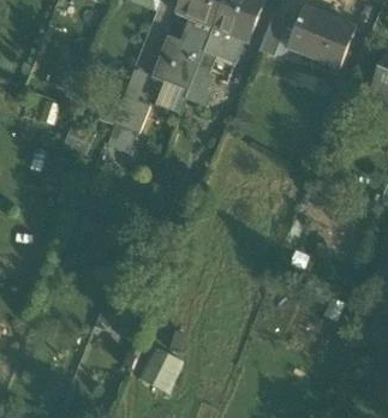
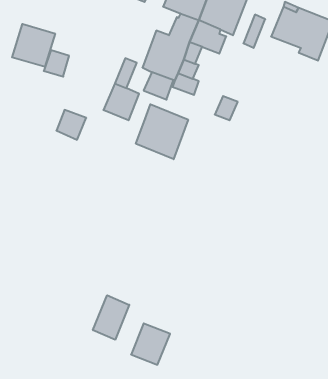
building: none -> [12,24,55,67]
building: none -> [136,104,188,159]
building: none -> [93,295,129,340]

